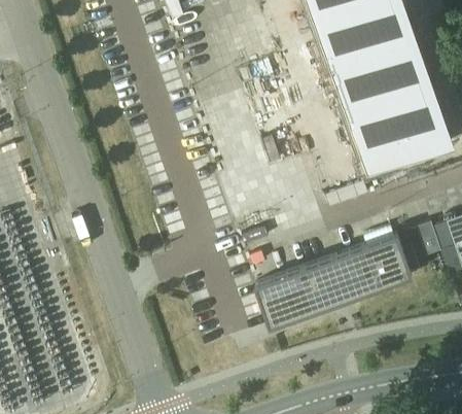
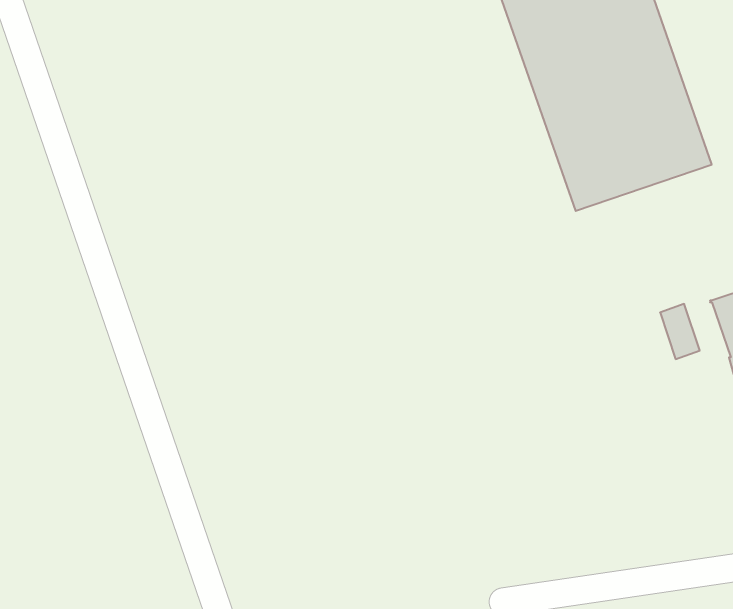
building: [256,228,413,326] -> none

